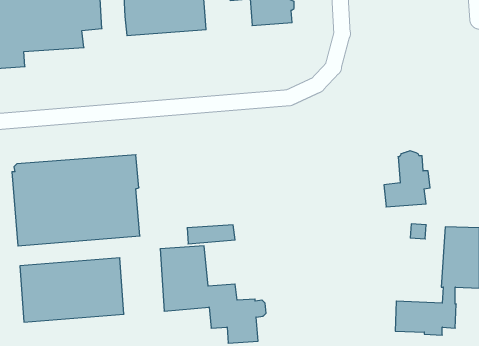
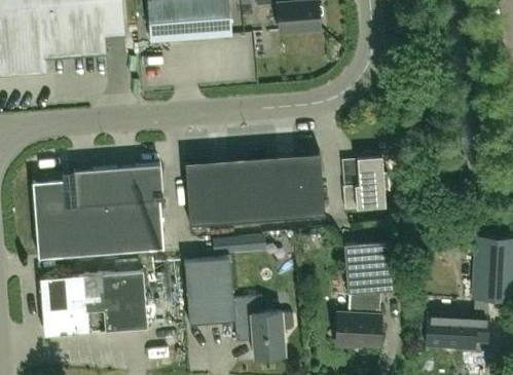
building: none -> [185,153,324,225]
building: [384,151,430,207] -> [342,152,390,210]
building: none -> [335,241,395,347]

